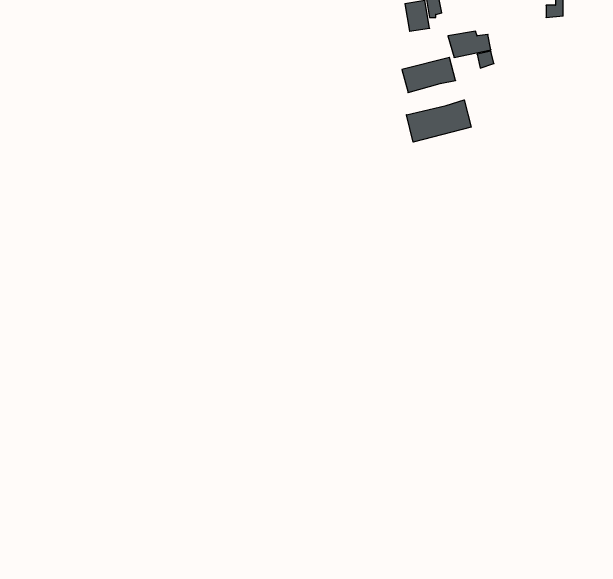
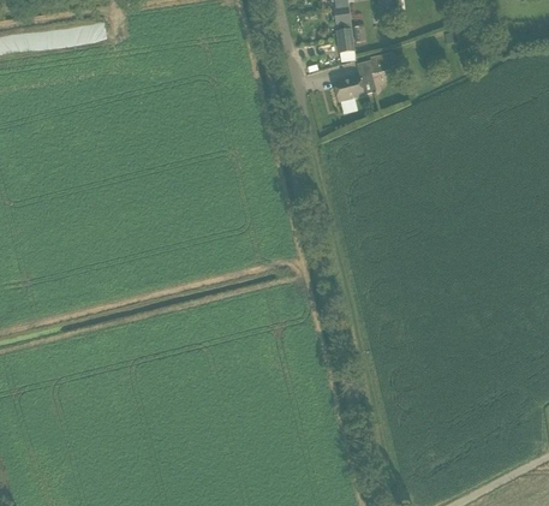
building: [406,100,471,142] -> none

